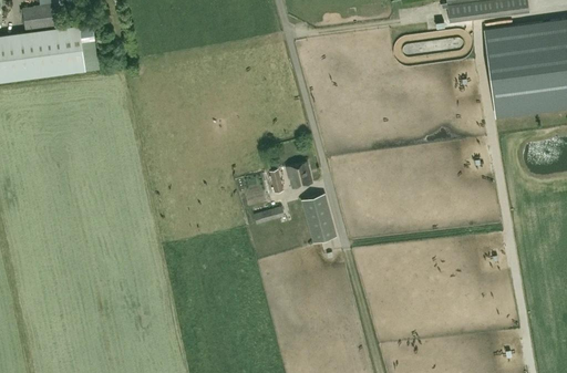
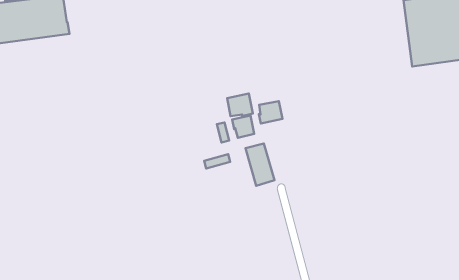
building: none -> [227,94,253,116]
building: none -> [259,101,283,123]

